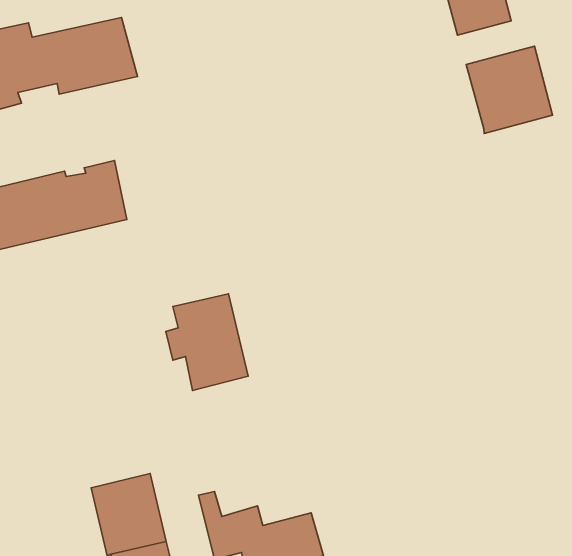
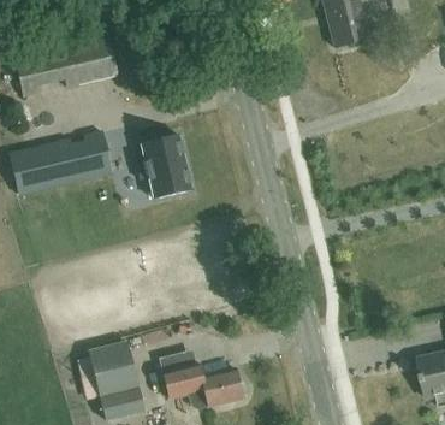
building: [466,46,552,134] -> none
building: [166,294,248,391] -> [135,134,190,199]

